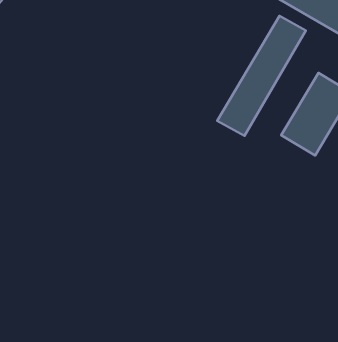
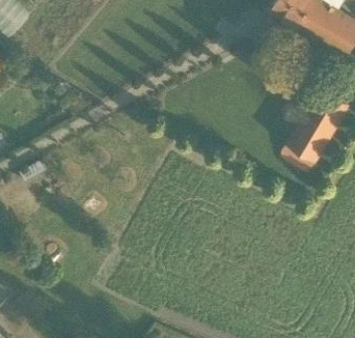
building: [217,16,306,136] -> none

